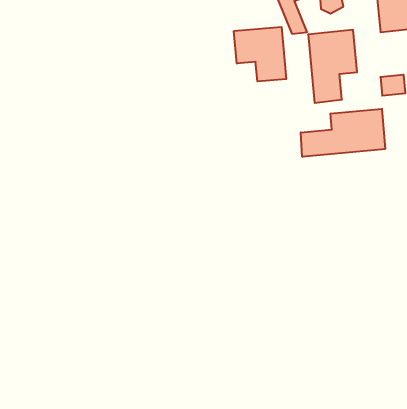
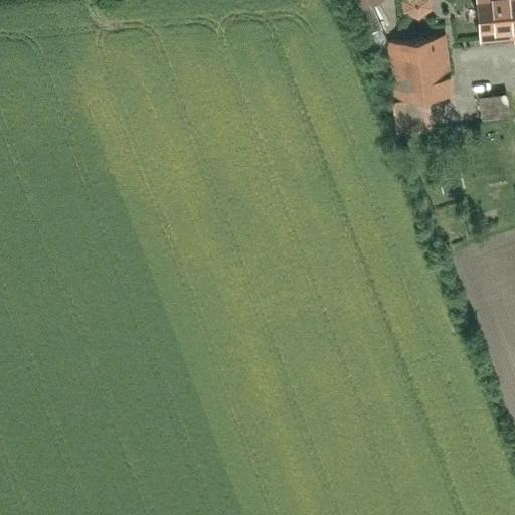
building: [234,27,286,81] -> none
building: [301,109,385,157] -> none

